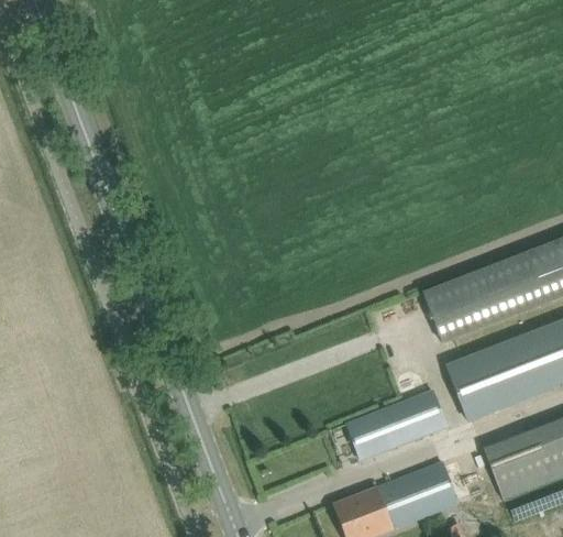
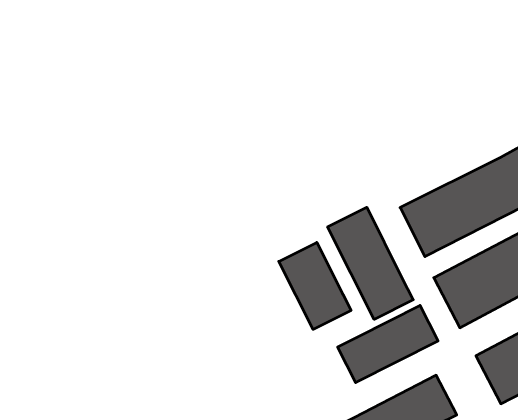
building: none -> [328,207,413,319]
building: none -> [279,242,351,329]

